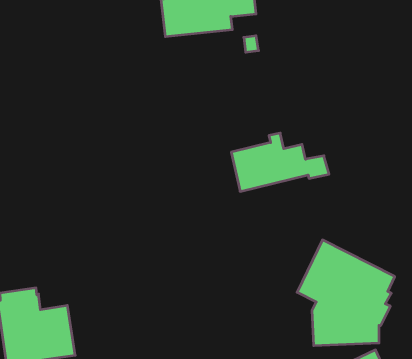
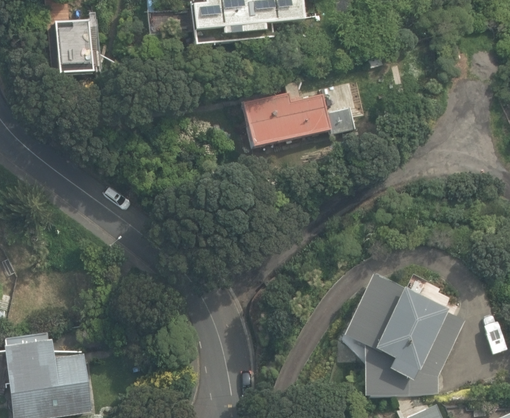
building: none -> [50,12,101,80]
building: [231,133,329,191] -> [242,81,354,148]

